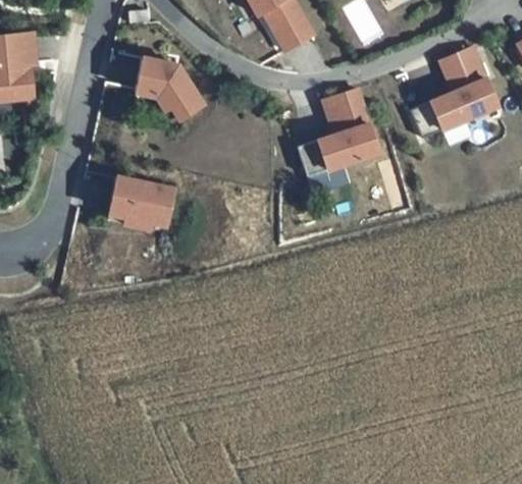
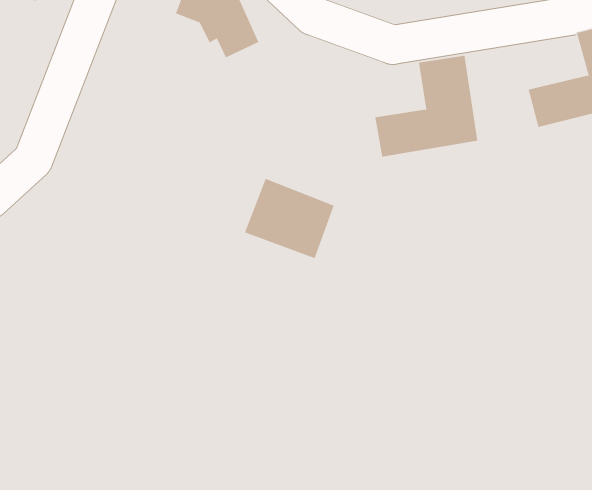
building: [105,186,170,241] -> [244,178,335,259]

